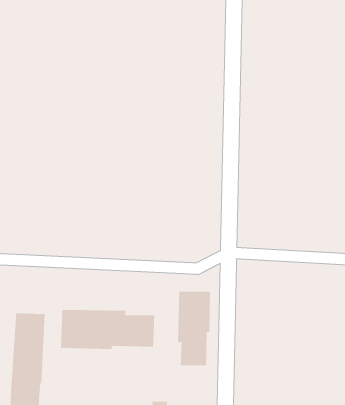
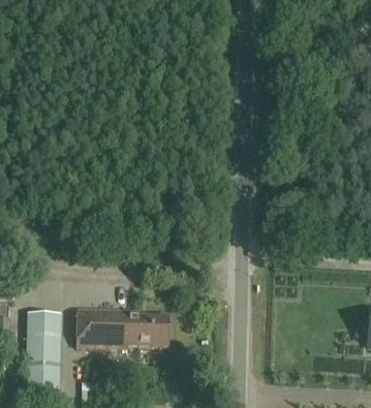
building: [177,291,211,366] -> none

